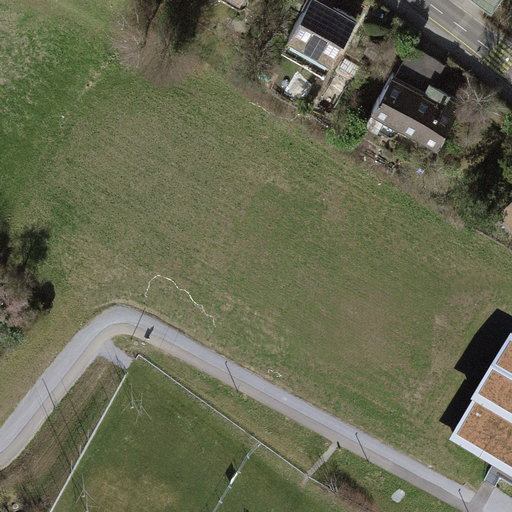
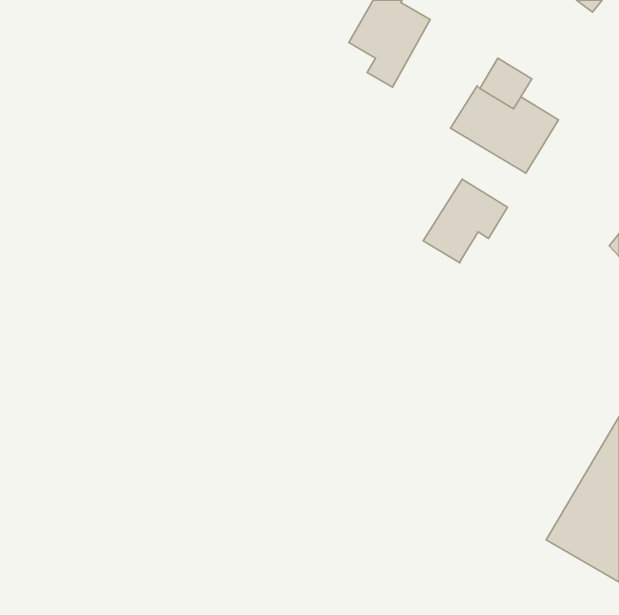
building: none -> [423,179,508,263]

